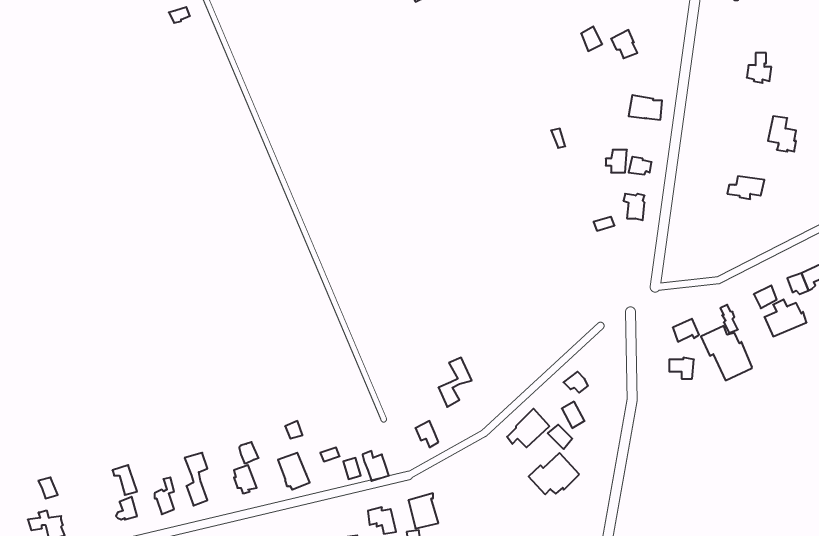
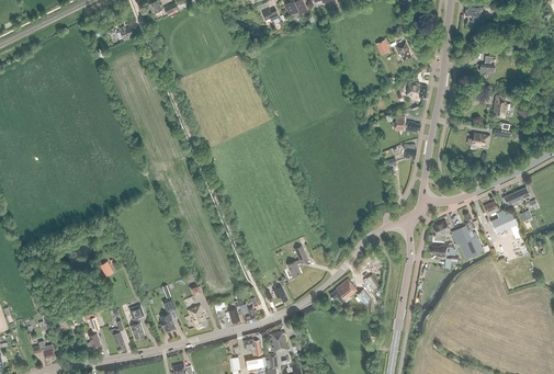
building: [529,453,579,494] -> none

